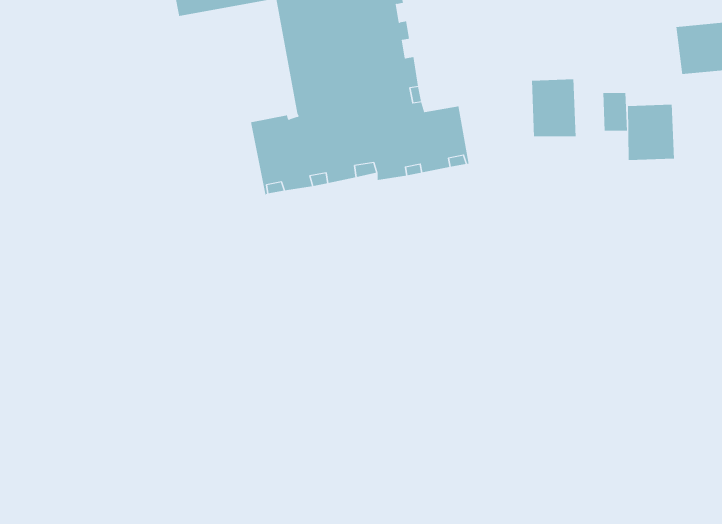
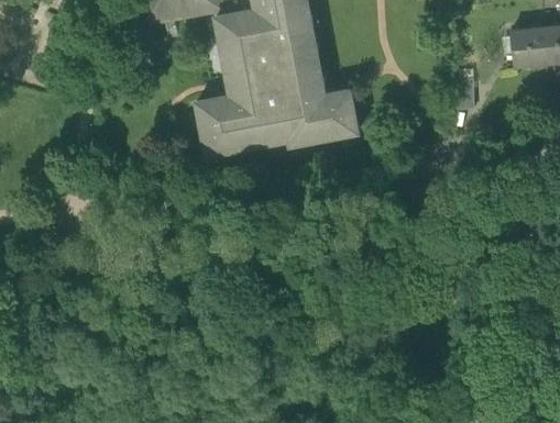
building: [531,78,576,137] -> none
building: [627,104,674,161] -> none

